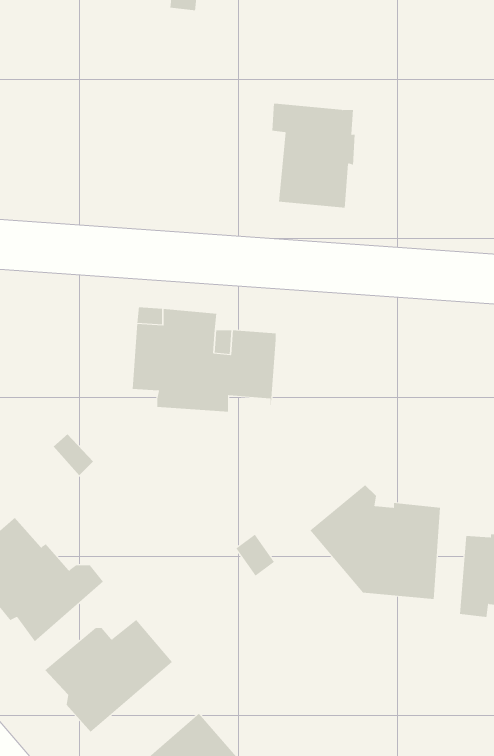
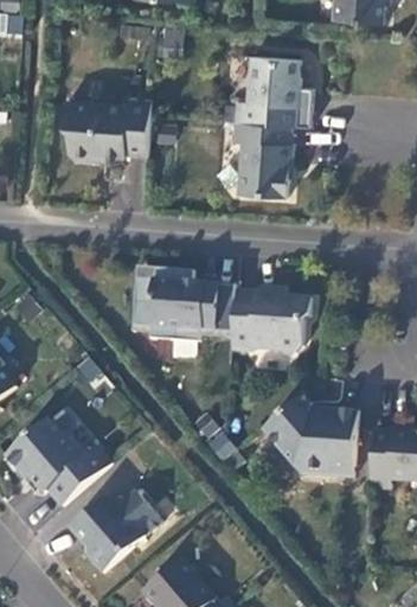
building: none -> [235,52,301,122]
building: none -> [64,94,152,156]
building: none -> [232,285,312,352]

